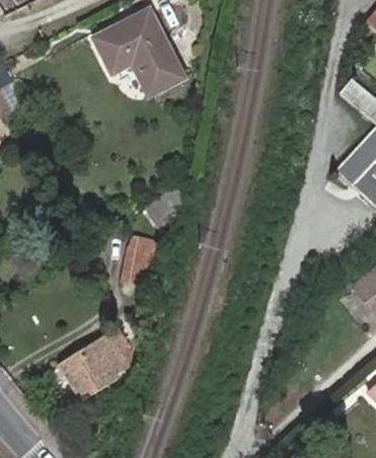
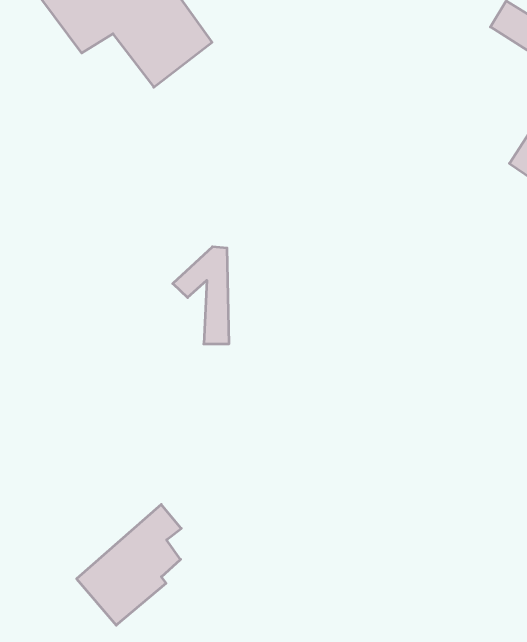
building: [122,248,152,286] -> none

